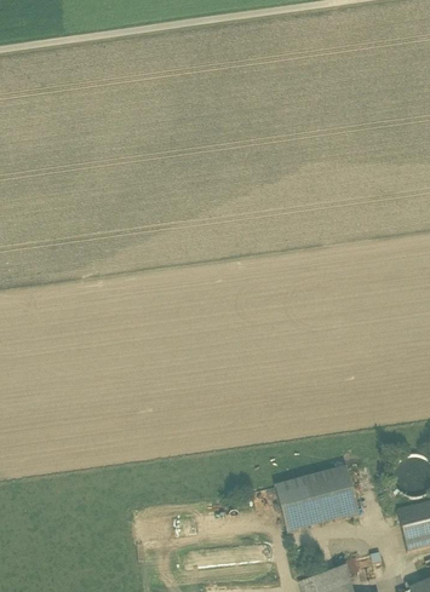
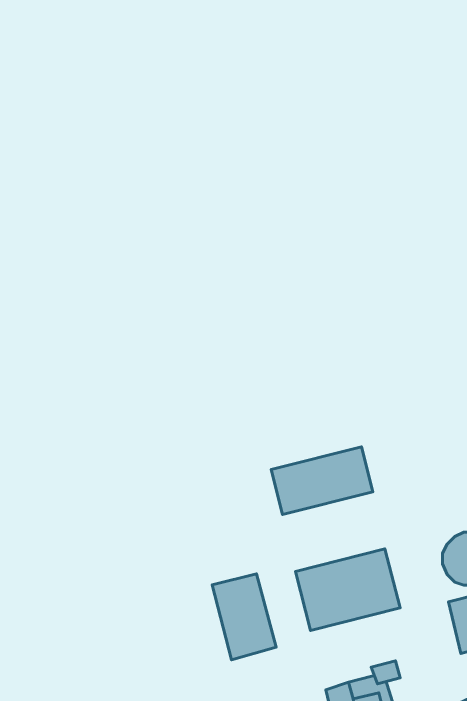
building: none -> [271,447,373,515]
building: none -> [212,574,276,660]

